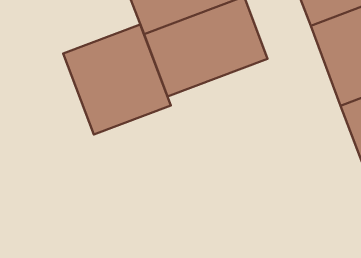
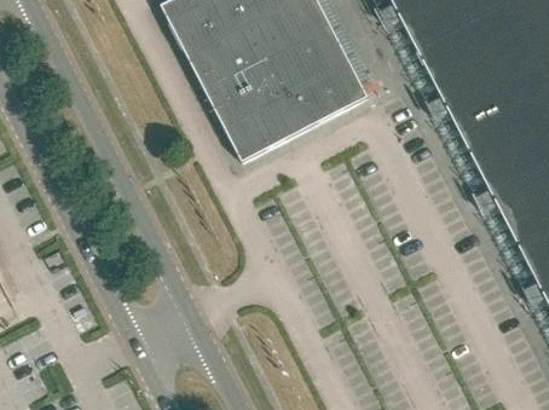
building: [63,24,171,134] -> none

